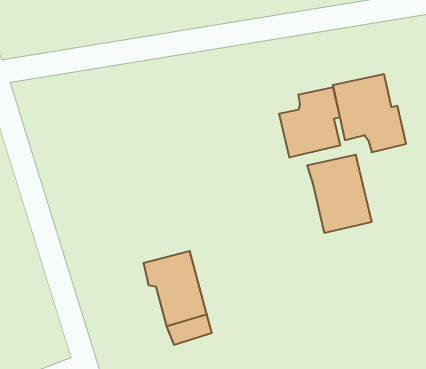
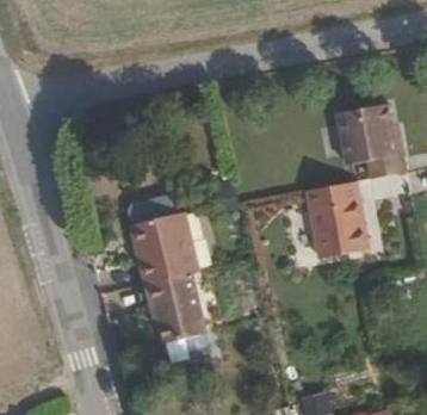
building: [279,87,340,158] -> none
building: none -> [130,212,197,284]

